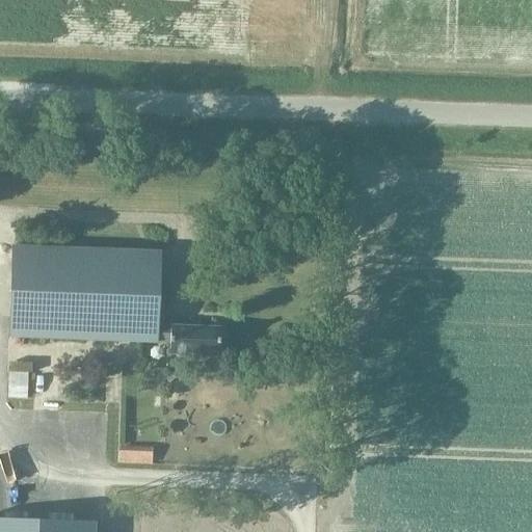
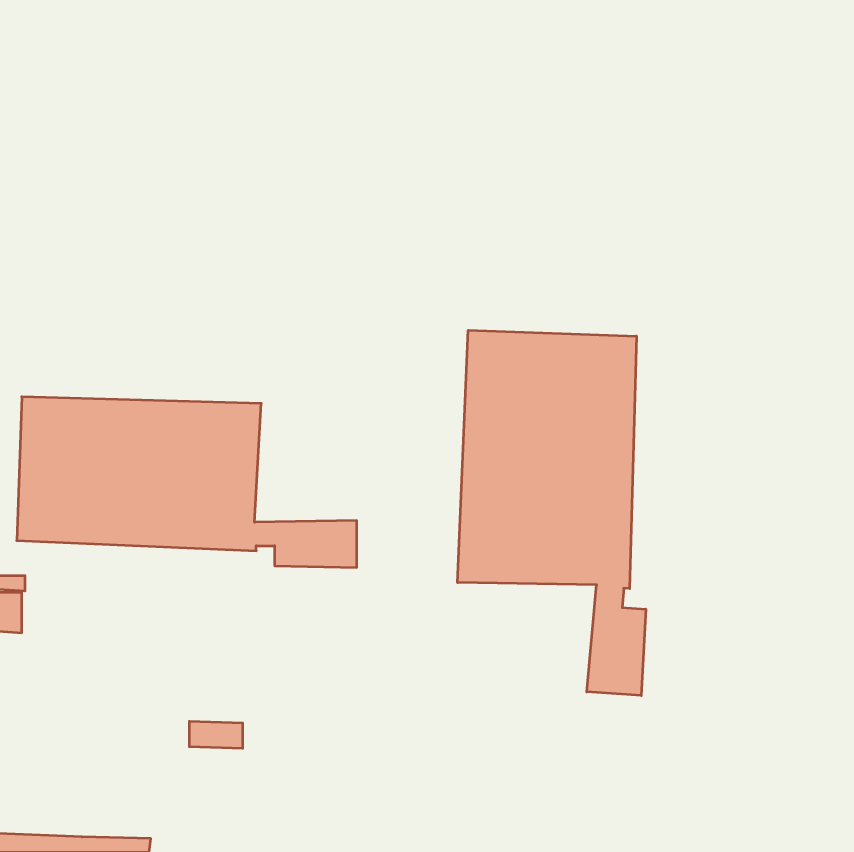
building: none -> [458,330,646,696]

